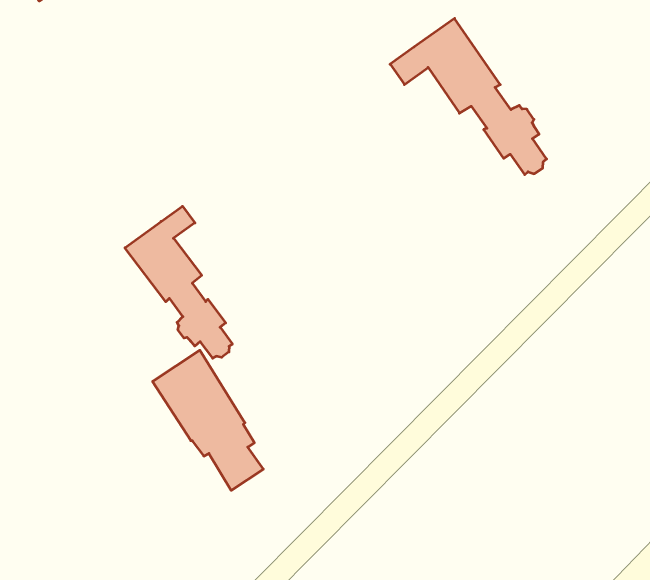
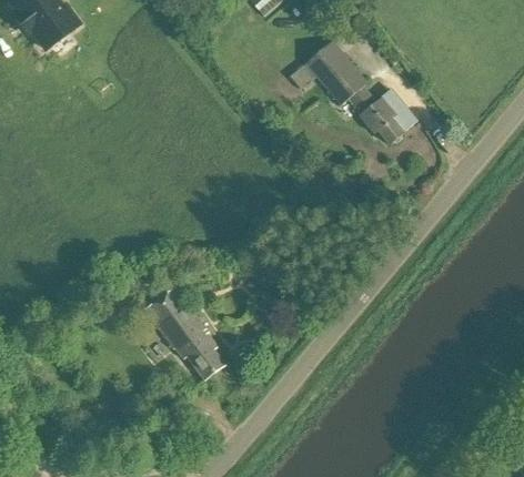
building: [125,206,232,358] -> none

